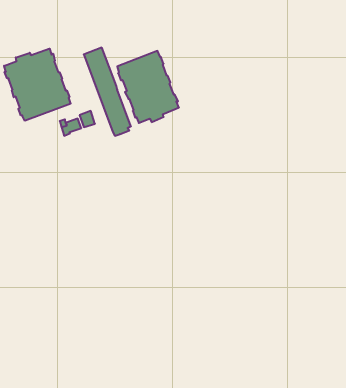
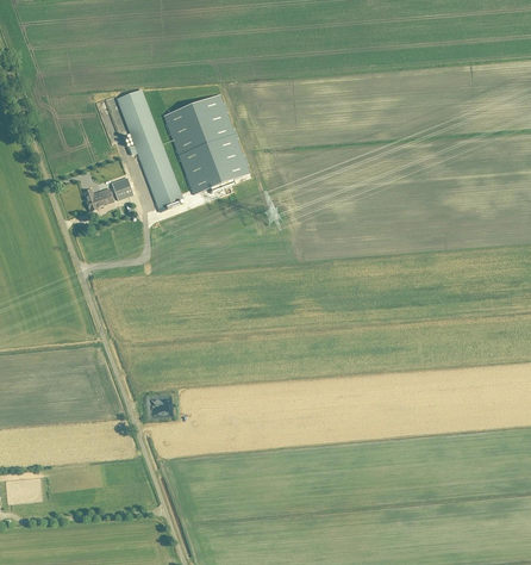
building: [4,49,71,121] -> none

